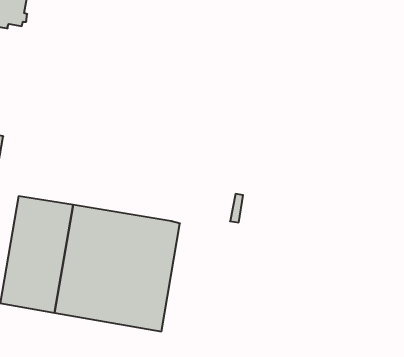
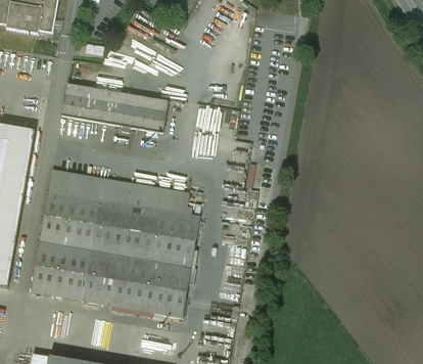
building: none -> [61,83,168,131]
building: none -> [48,169,192,214]

